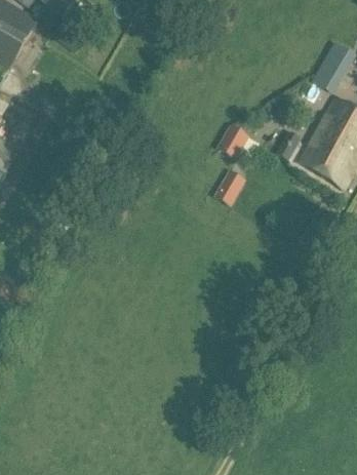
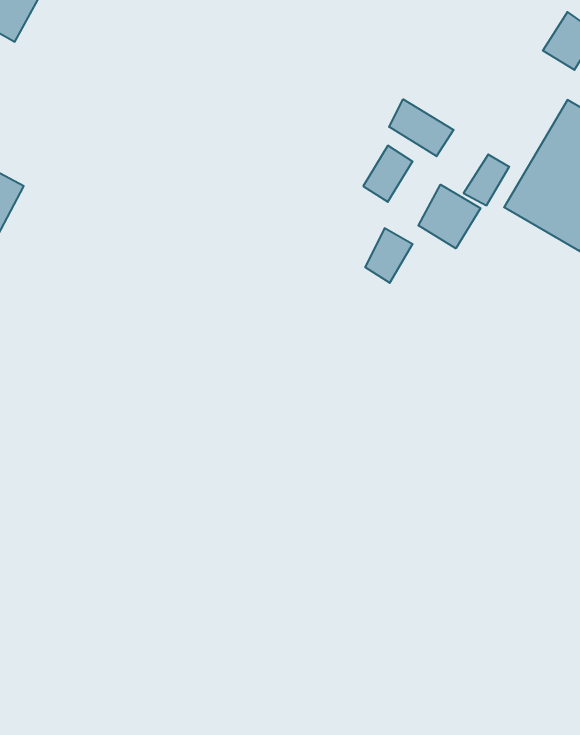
building: none -> [389,99,454,156]
building: none -> [418,185,480,248]

